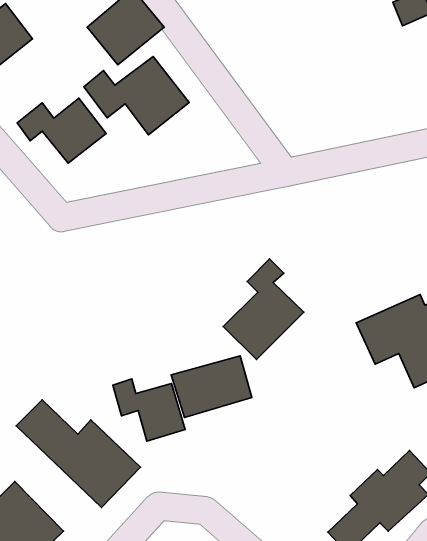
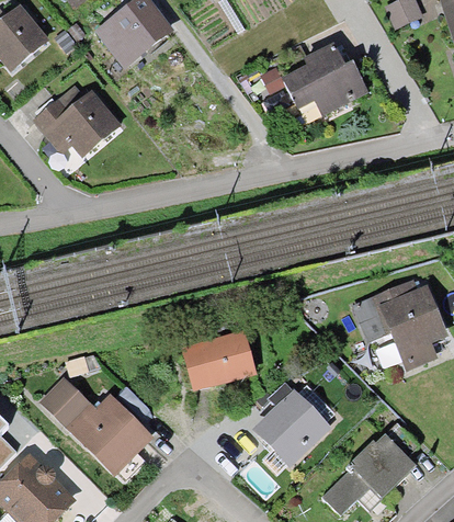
building: none -> [271,44,366,123]
building: [84,57,189,135] -> none
building: [223,259,304,360] -> [252,372,327,465]
building: [113,379,185,441] -> none

